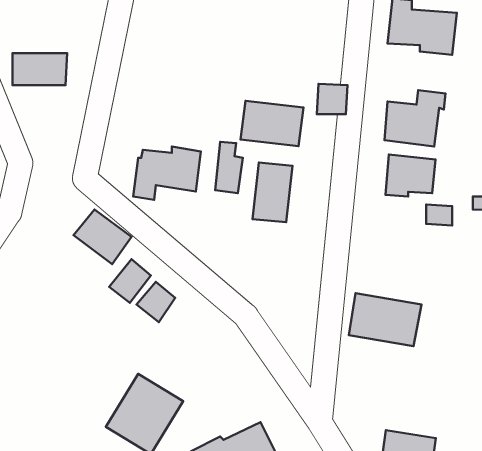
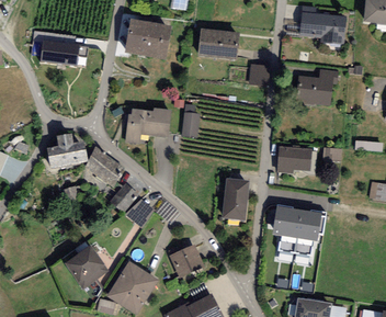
building: none -> [124,20,171,59]
building: [241,101,303,146] -> [197,29,240,59]
building: [386,155,435,197] -> [277,145,311,173]
building: [252,163,293,222] -> [222,179,249,219]
building: none -> [47,134,87,168]
building: none -> [66,244,109,287]
building: none -> [169,244,204,276]

